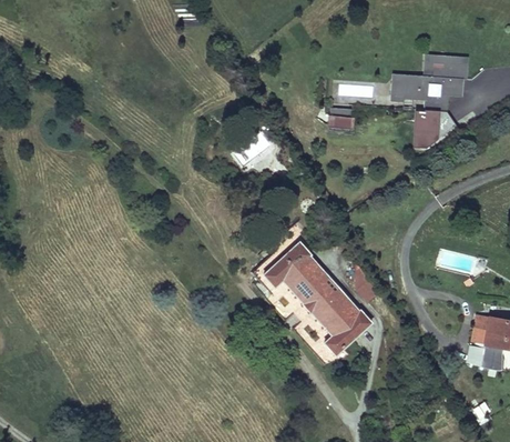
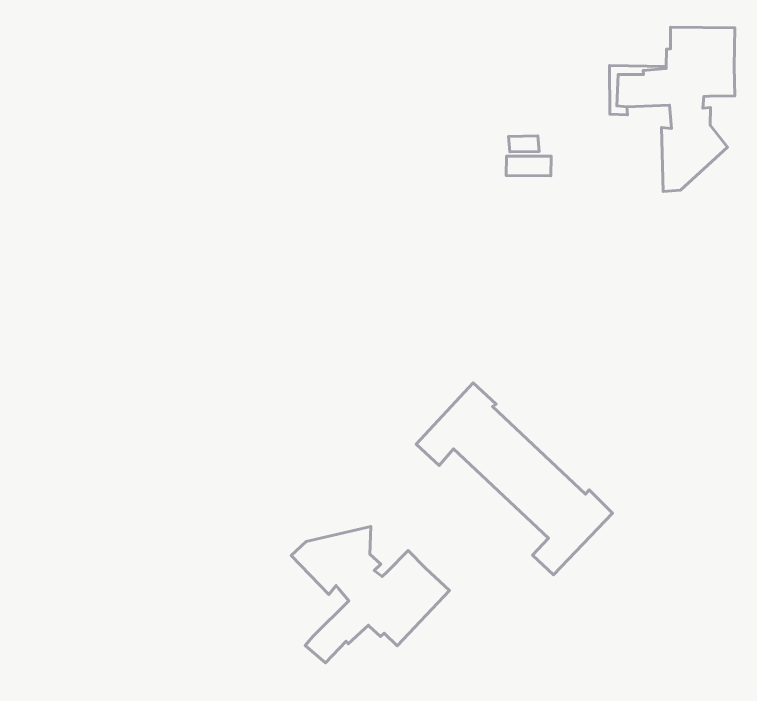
building: none -> [291,527,450,663]

